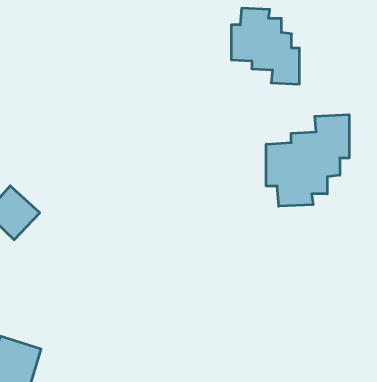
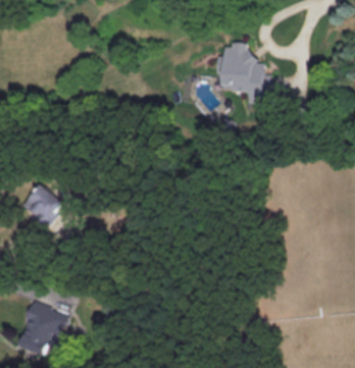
building: [266,115,349,206] -> none

